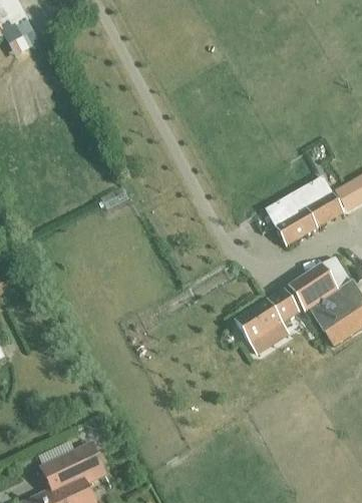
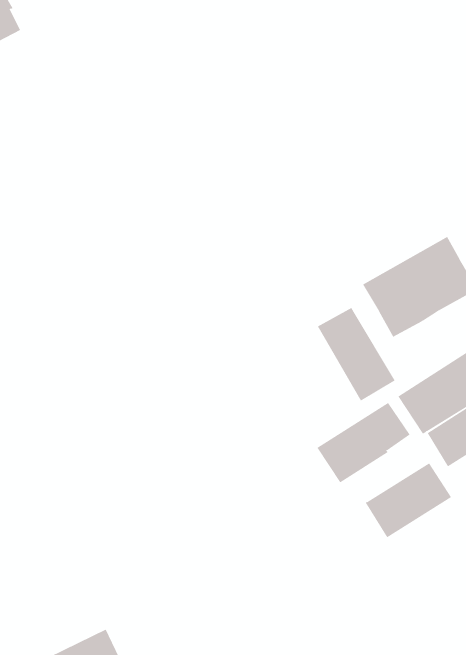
building: none -> [317,307,396,401]
building: none -> [365,463,452,538]

